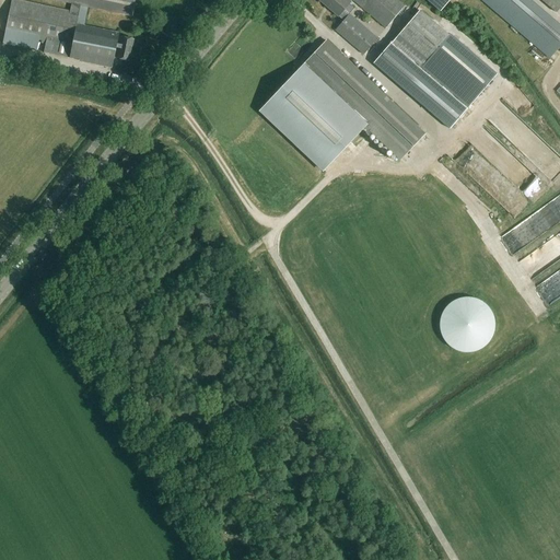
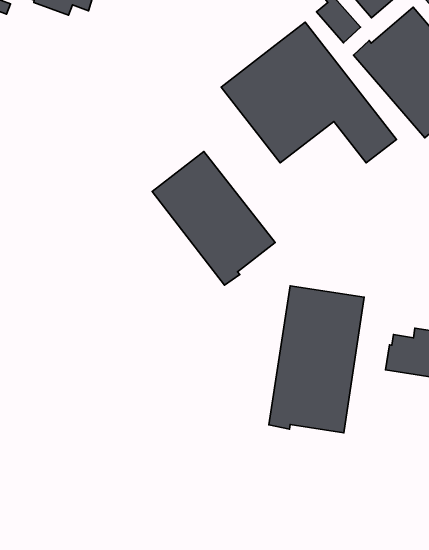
building: none -> [152,151,275,285]
building: none -> [269,286,364,433]

